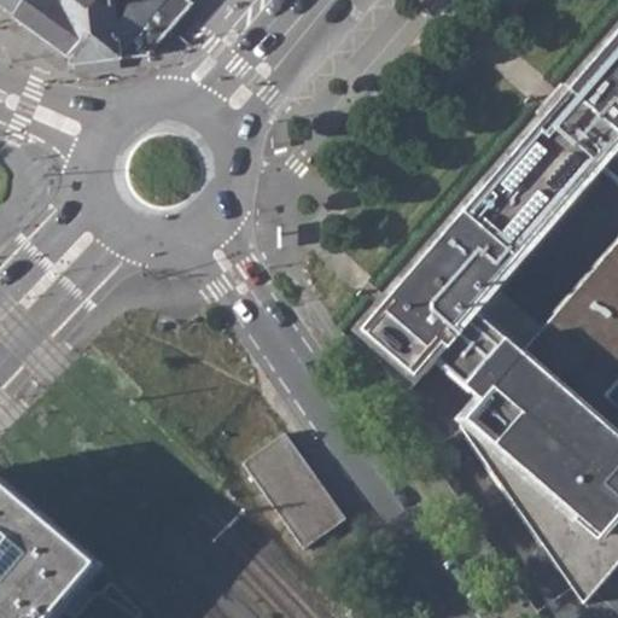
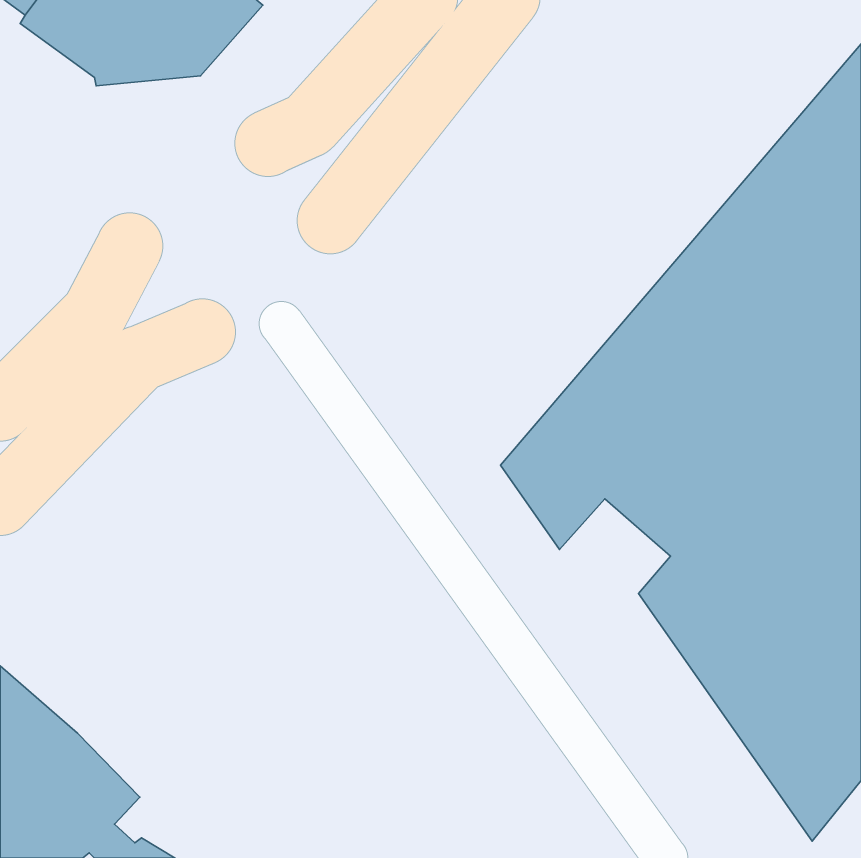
building: [244,432,349,549] -> none

